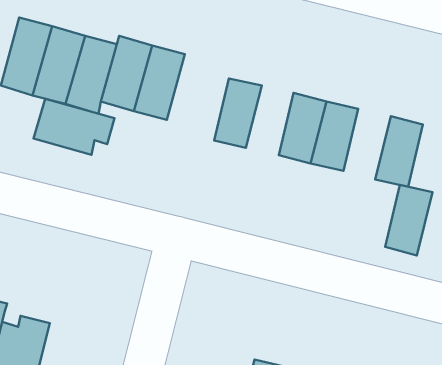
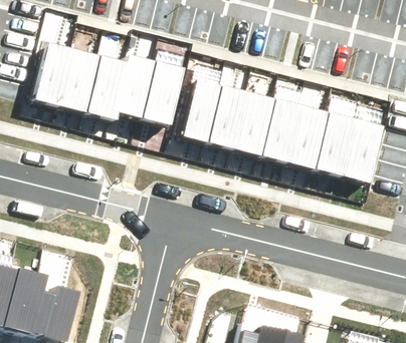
building: none -> [184,83,223,141]
building: none -> [237,96,276,153]
building: [33,99,115,155] -> none
building: [385,185,433,255] -> [318,115,357,174]

